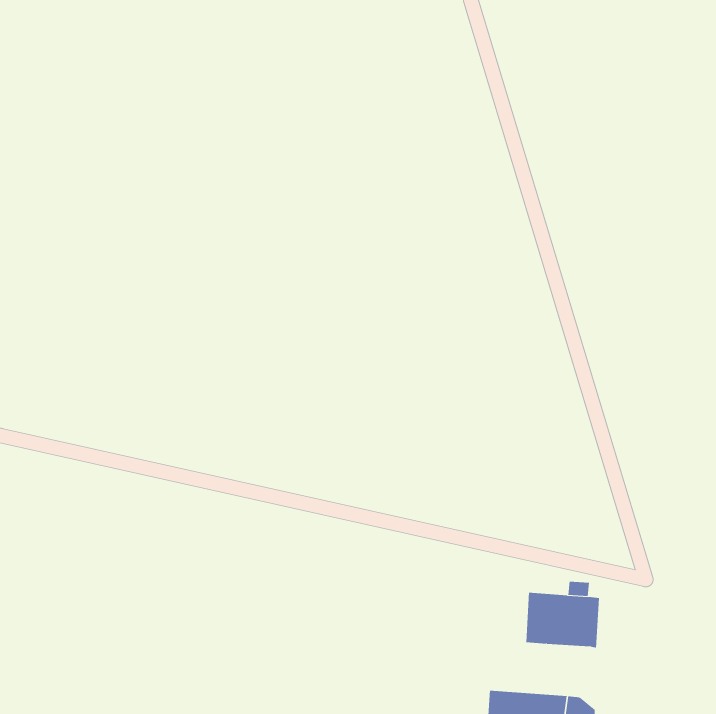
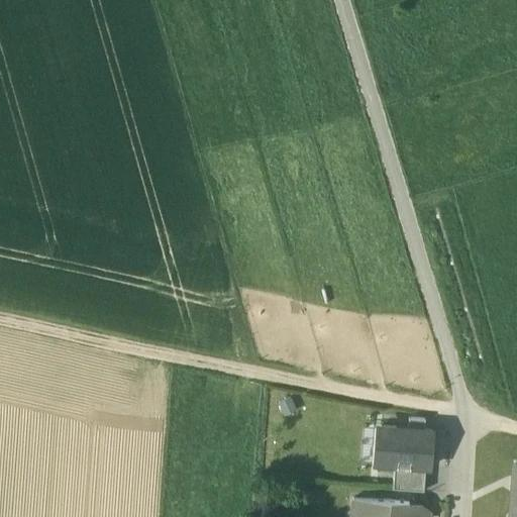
building: none -> [392,466,425,493]

